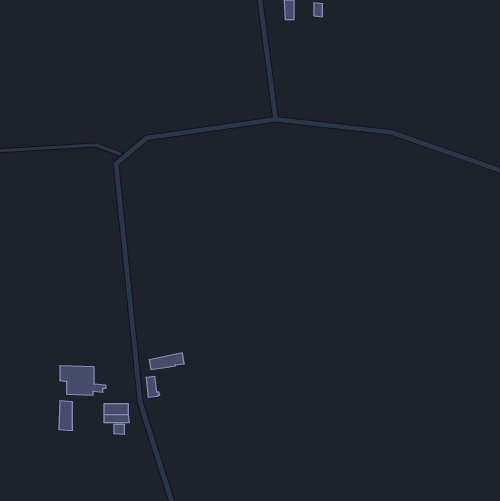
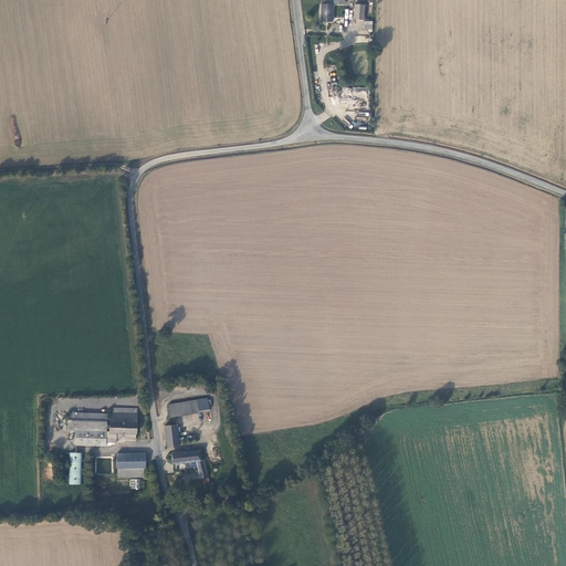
building: none -> [108,408,136,440]
building: none -> [170,451,207,479]

